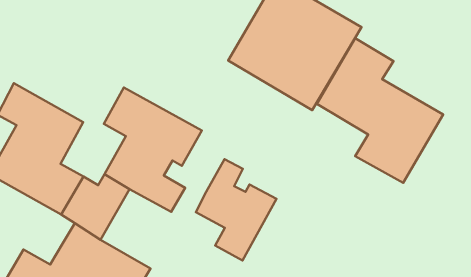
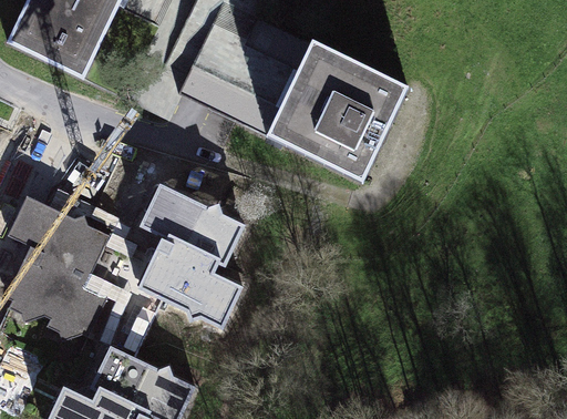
building: [317,38,443,183] -> none
building: [196,159,276,260] -> none

